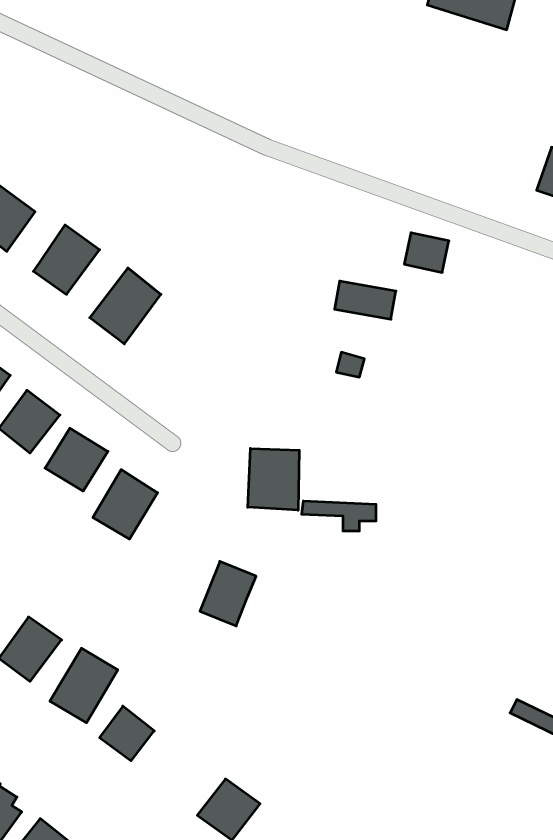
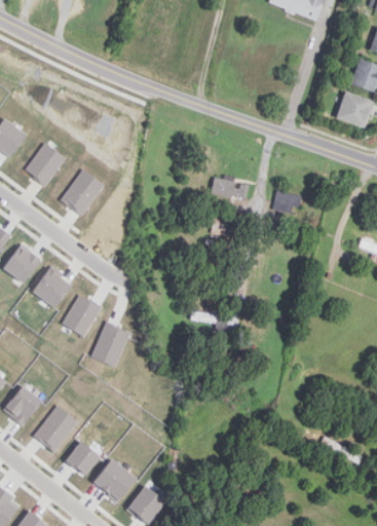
building: [404,233,449,272] -> [272,190,300,215]
building: [248,448,299,510] -> none
building: [200,561,256,626] -> [91,325,126,365]
building: none -> [92,457,136,500]

